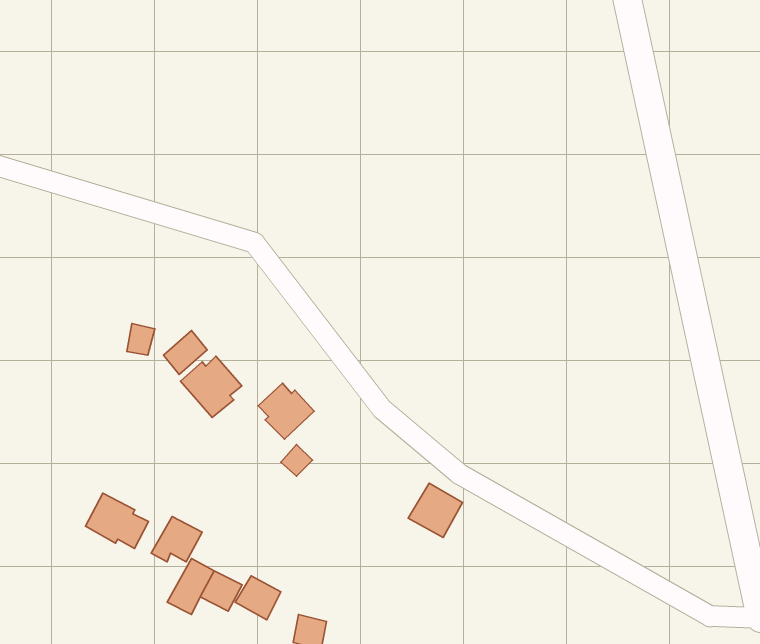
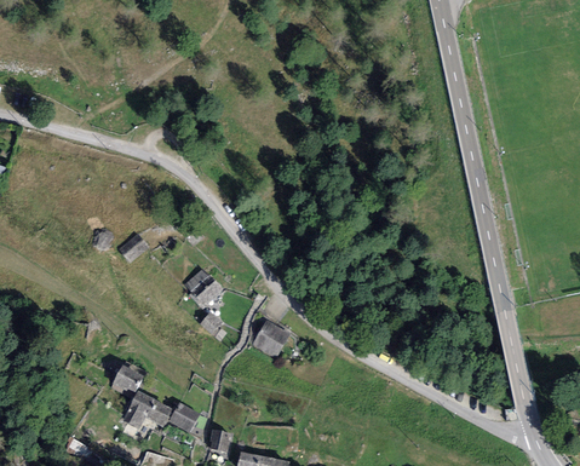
building: [180,356,242,418] -> none
building: [408,483,462,538] -> [252,321,289,358]
building: [85,493,148,548] -> none

